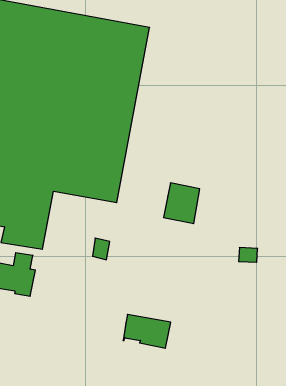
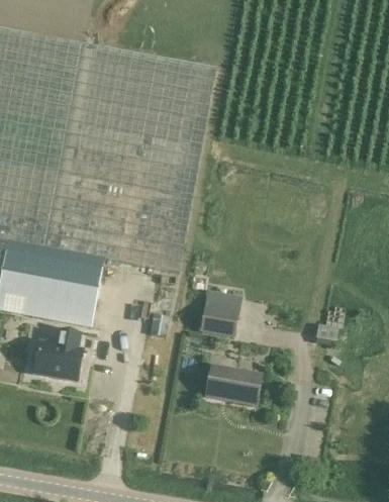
building: [164,183,200,224] -> [198,292,240,339]
building: [123,314,171,348] -> [204,366,260,405]

